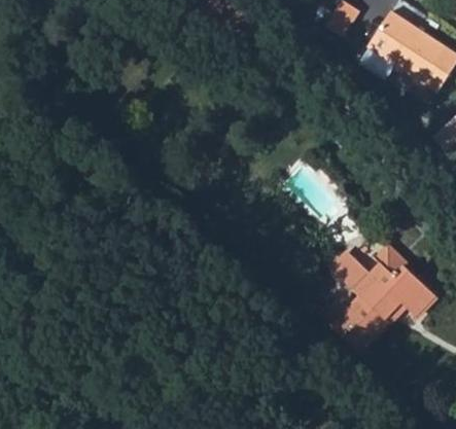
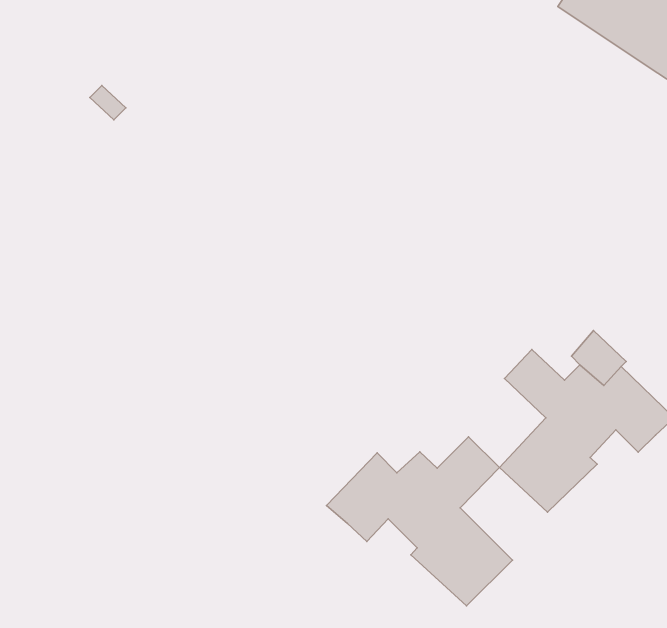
building: none -> [327,437,513,606]

